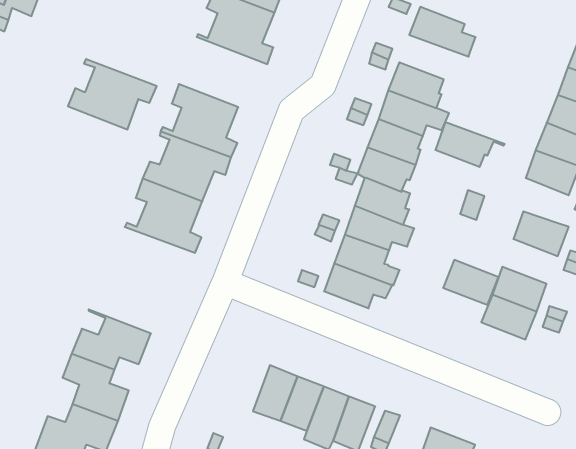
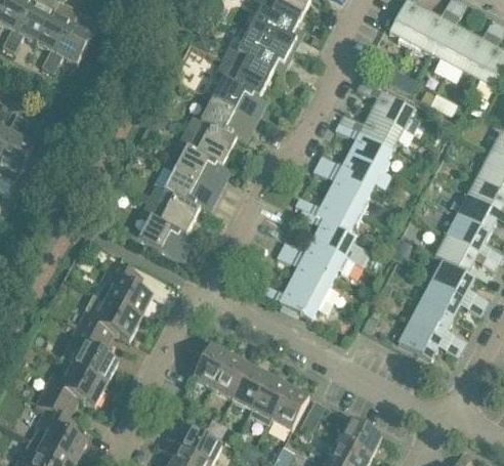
building: [68,59,157,129] -> [186,93,257,152]
building: [435,122,505,167] -> [360,112,414,150]
building: none -> [434,234,478,271]
building: [443,260,499,305] -> [420,280,464,317]
building: none -> [95,260,154,319]
building: none -> [192,343,230,388]

